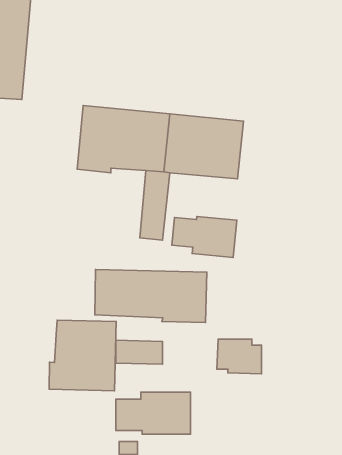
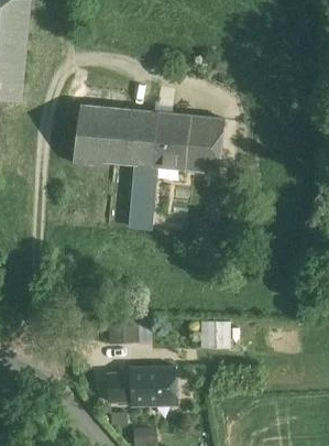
building: [172,216,237,258] -> none
building: [95,269,207,322] -> none
building: [49,320,116,391] -> none

